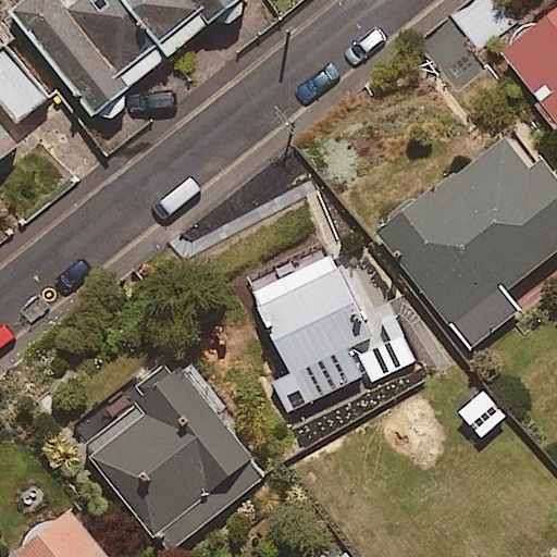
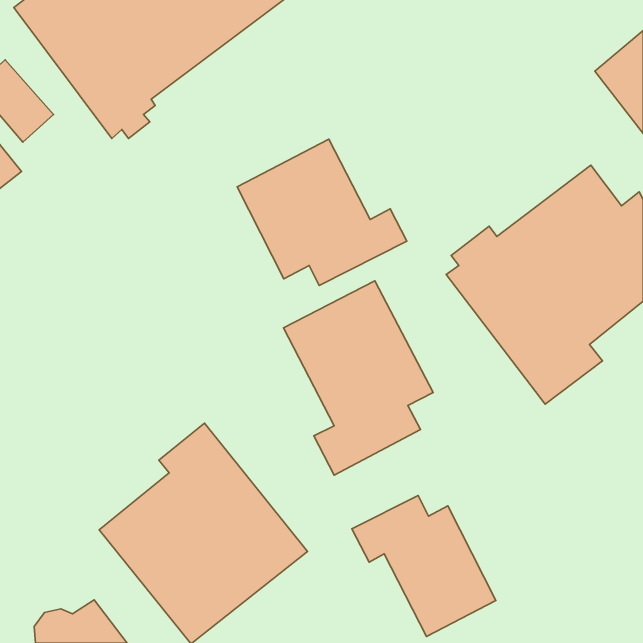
building: none -> [237,139,407,286]
building: none -> [352,496,496,636]

